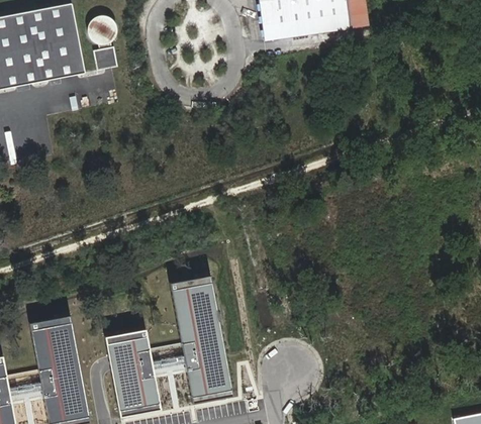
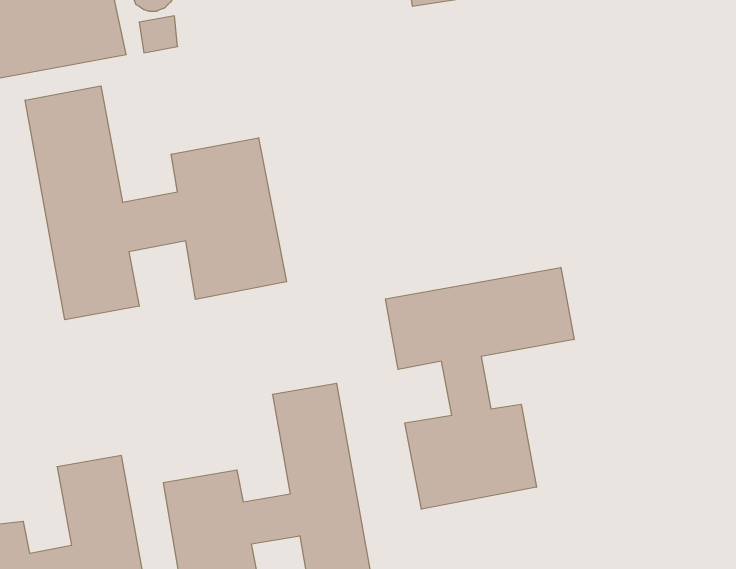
building: none -> [25,86,286,320]
building: none -> [385,267,574,509]

